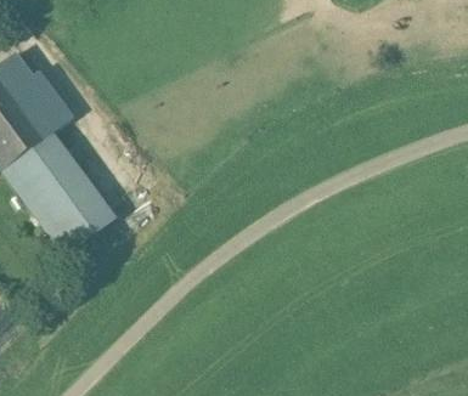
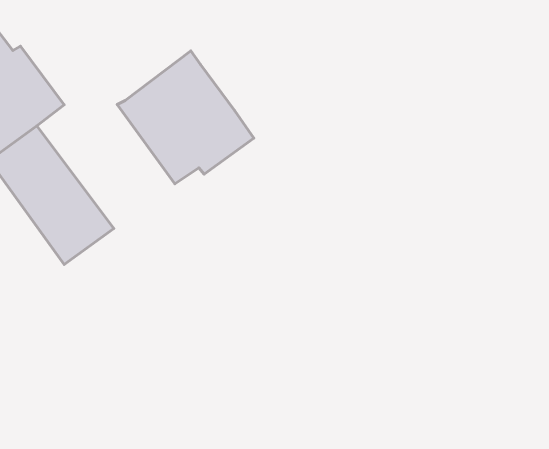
building: none -> [117,51,254,184]

